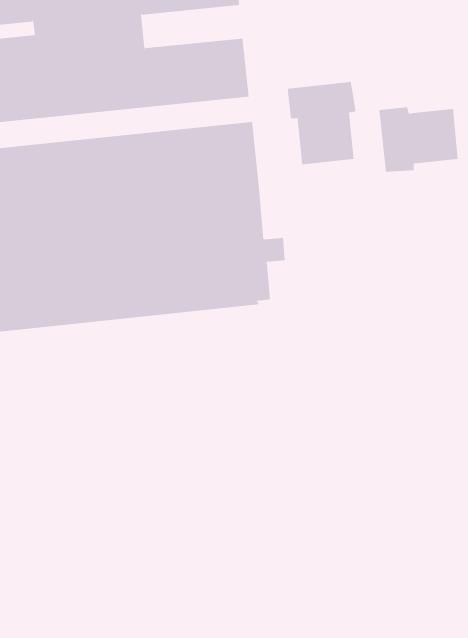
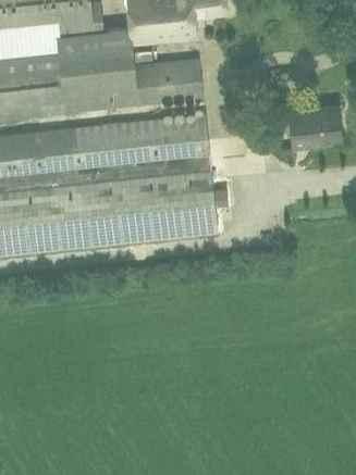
building: [287,81,356,165] -> none

